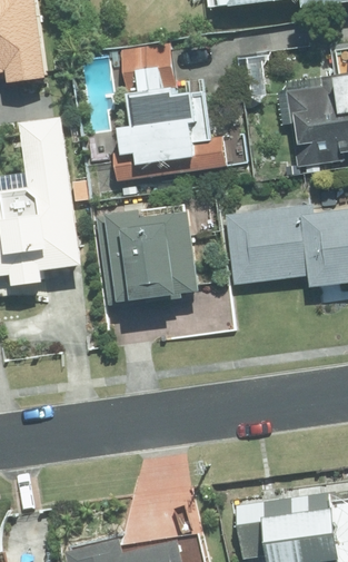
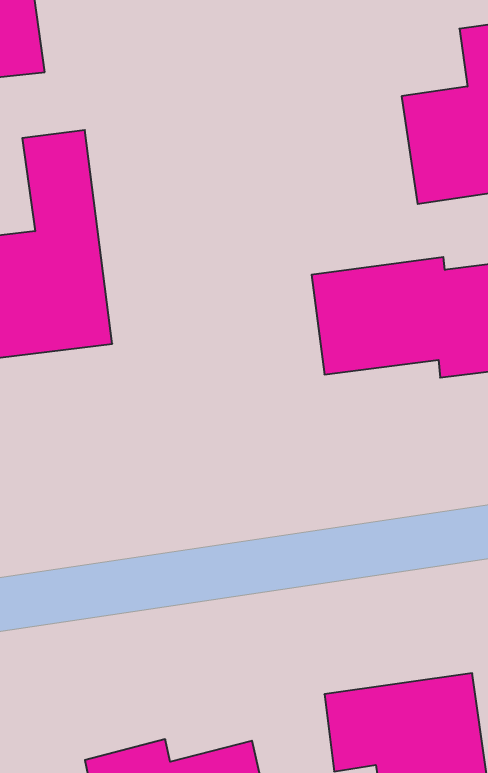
building: [113,41,228,180] -> none
building: [95,208,202,305] -> none

